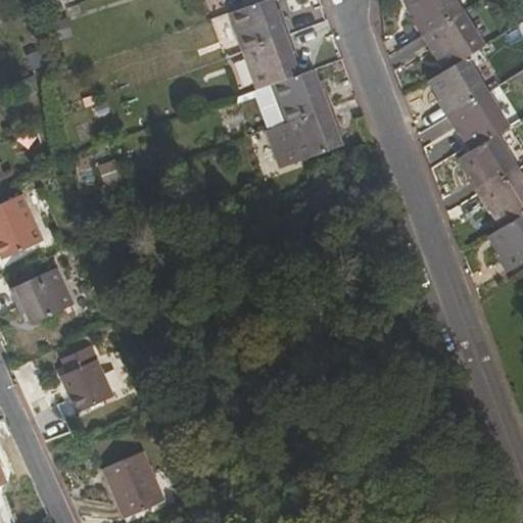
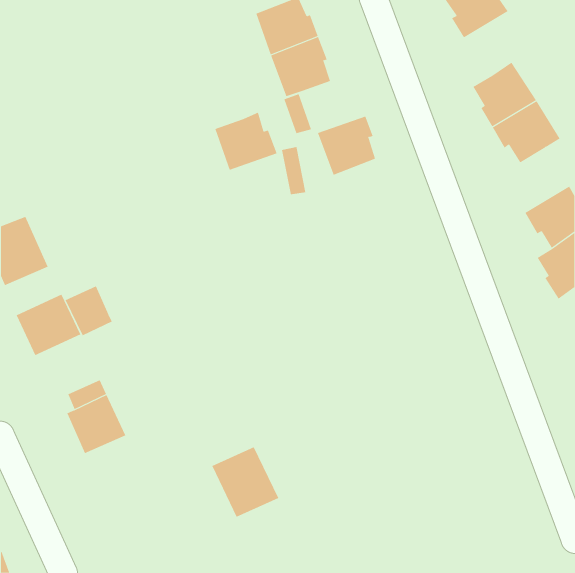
building: [421,10,483,68] -> none
building: [275,67,332,121] -> [215,112,278,170]
building: [459,134,517,193] -> none
building: none -> [65,285,112,336]
building: [104,451,165,516] -> [212,447,279,517]

